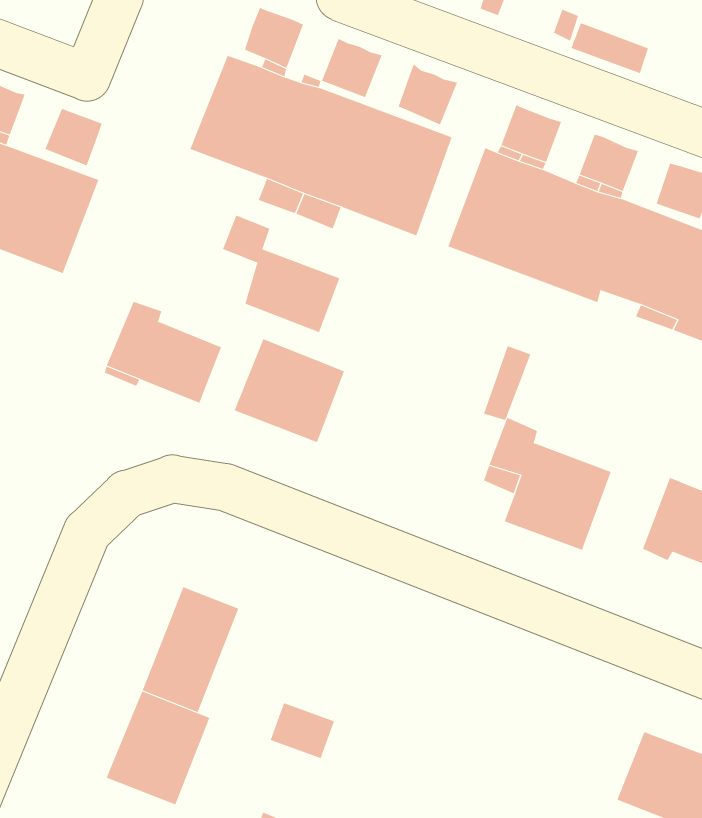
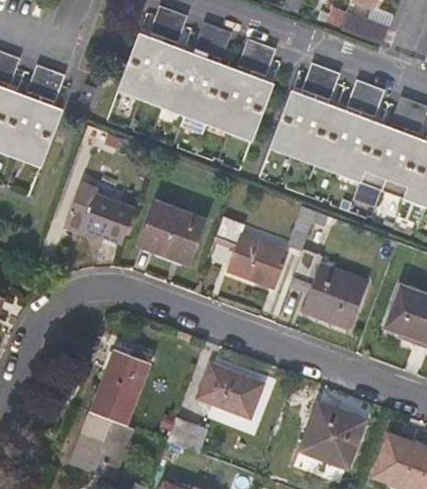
building: [222,215,340,333] -> [220,214,289,283]
building: none -> [195,363,260,418]
building: none -> [297,404,361,467]

